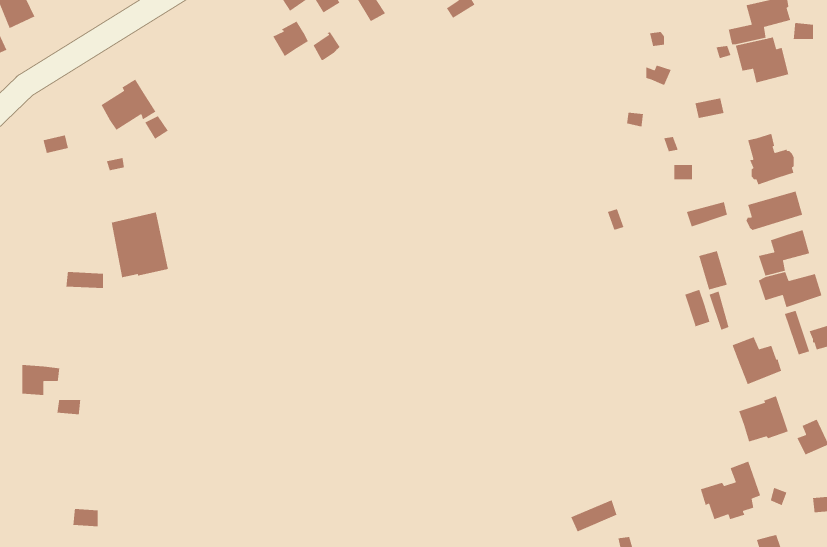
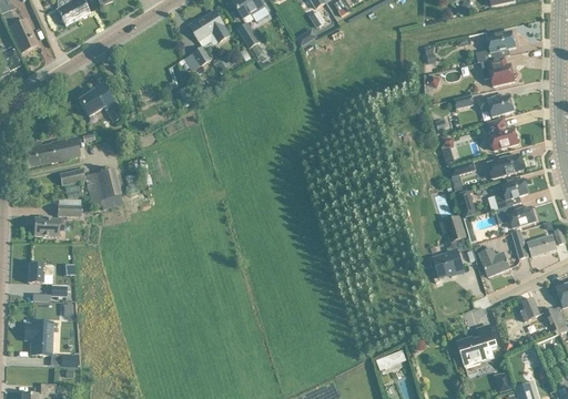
building: none -> [479,94,514,116]
building: none -> [22,135,81,166]
building: none -> [59,167,85,197]
building: none -> [33,217,59,235]
building: [738,395,789,443] -> [433,247,465,277]
building: none -> [24,320,52,354]

